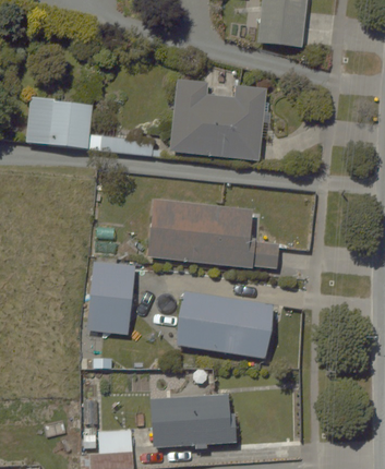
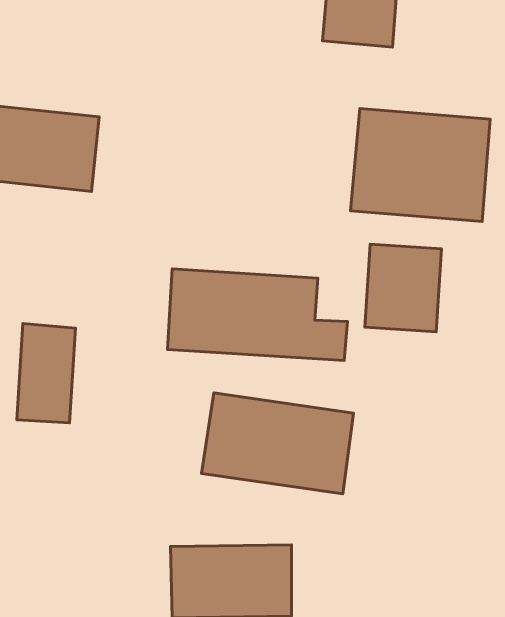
building: [168,79,266,158] -> [350,108,490,222]
building: none -> [365,244,441,332]
building: [91,264,132,334] -> [17,324,76,423]

